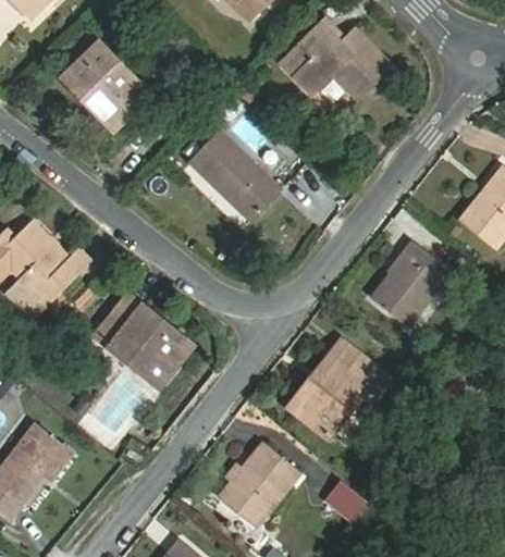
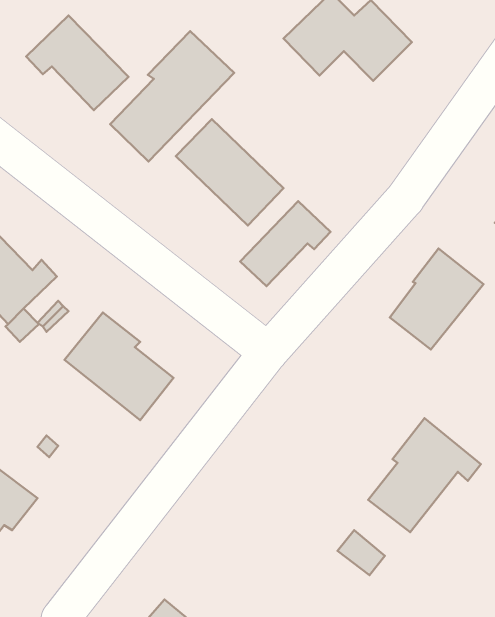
building: none -> [110,31,234,162]
building: none -> [240,201,330,286]
building: [292,339,387,436] -> [368,418,481,532]
building: [218,442,298,527] -> none

